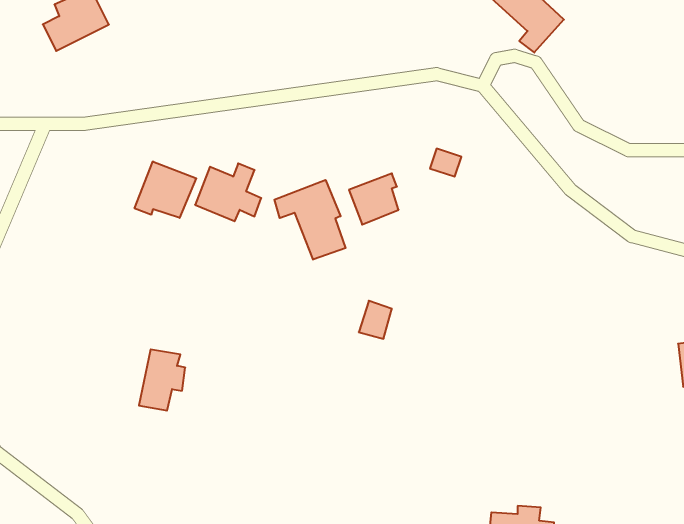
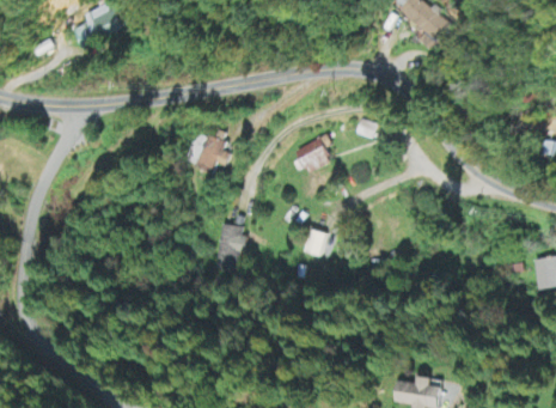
building: [135,161,196,218] -> none
building: [274,180,346,260] -> none
building: [139,349,185,411] -> [214,223,248,267]

